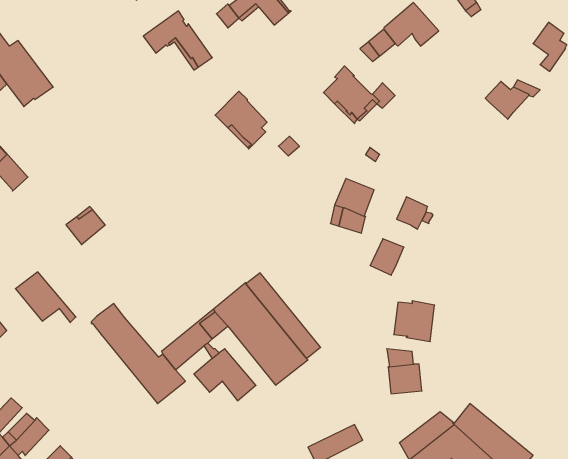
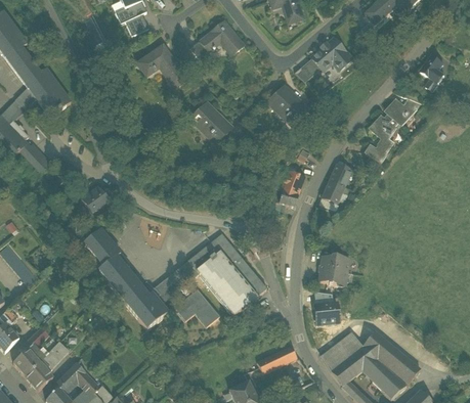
building: none -> [366,111,399,162]
building: [370,239,404,275] -> [329,161,353,187]
building: [15,272,76,323] -> [84,231,128,268]

